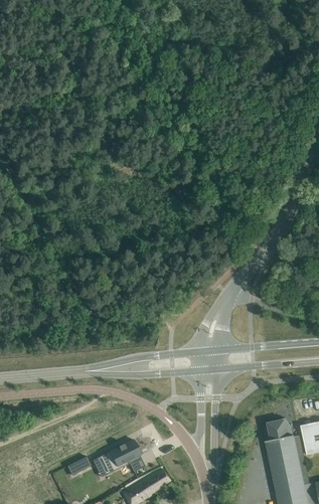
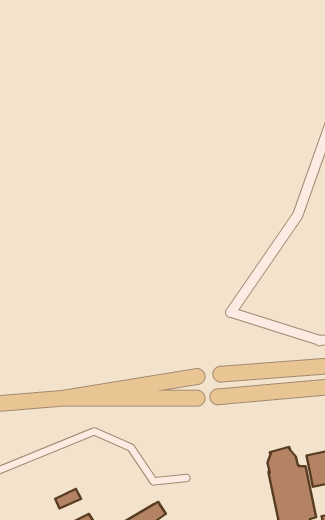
building: [92,440,140,473] -> none

